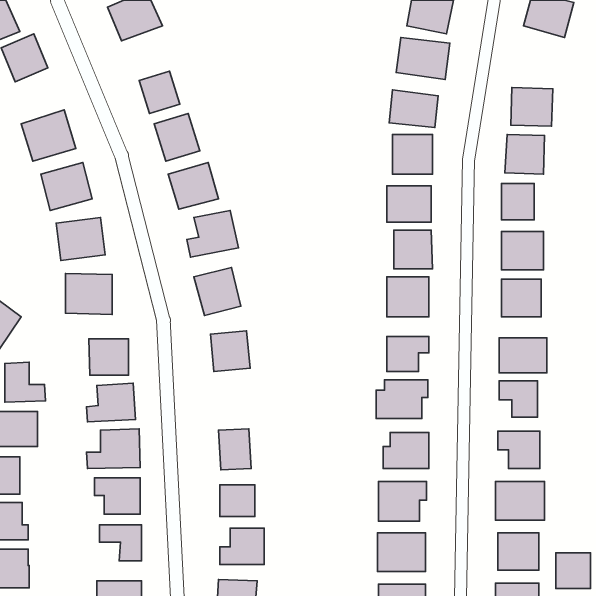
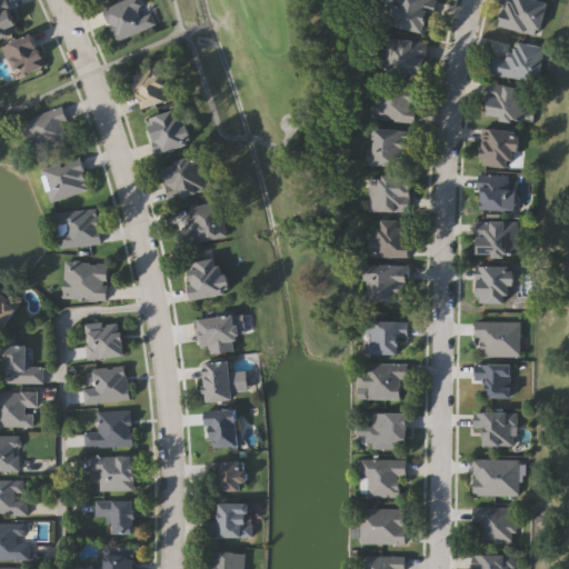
building: none -> [489,42,542,82]
building: none -> [202,360,234,402]
building: [556,553,590,589] -> none

